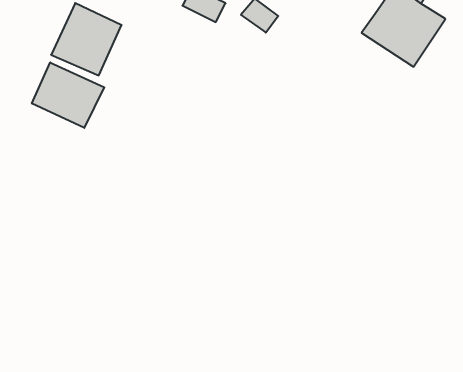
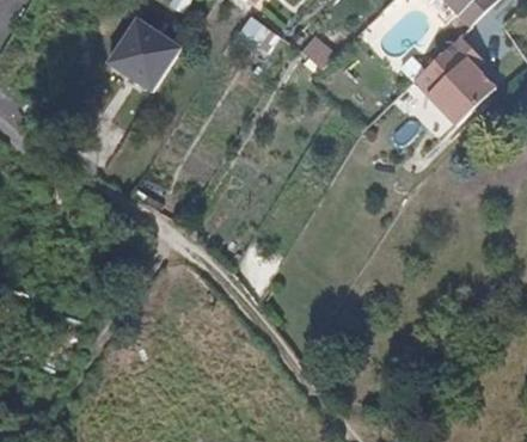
building: [32,62,104,128] -> none

